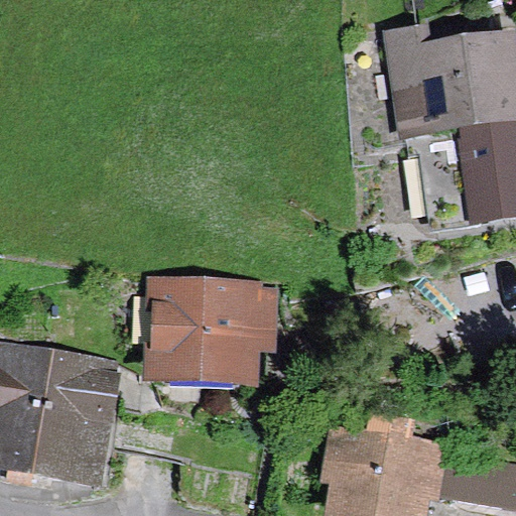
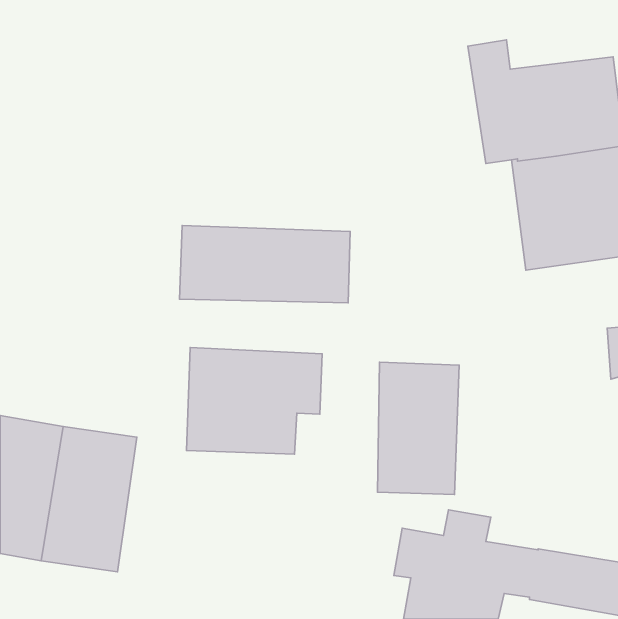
building: none -> [179,225,350,303]
building: none -> [377,362,459,495]

